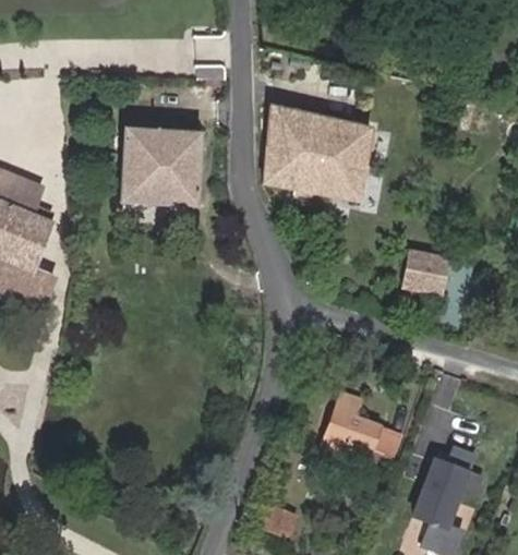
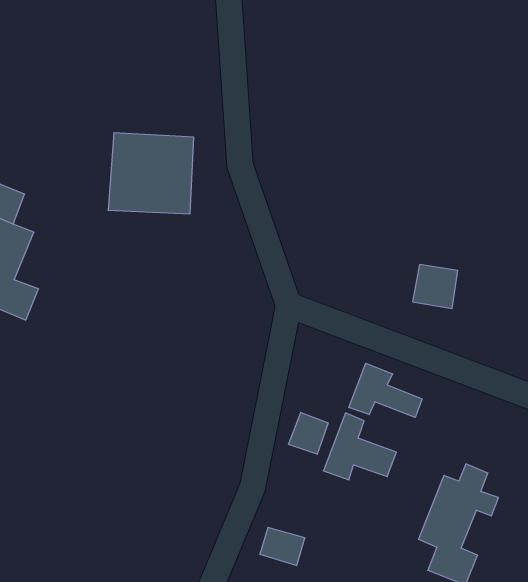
building: [261,107,396,206] -> none
building: none -> [349,363,422,417]
building: none -> [289,412,328,454]

